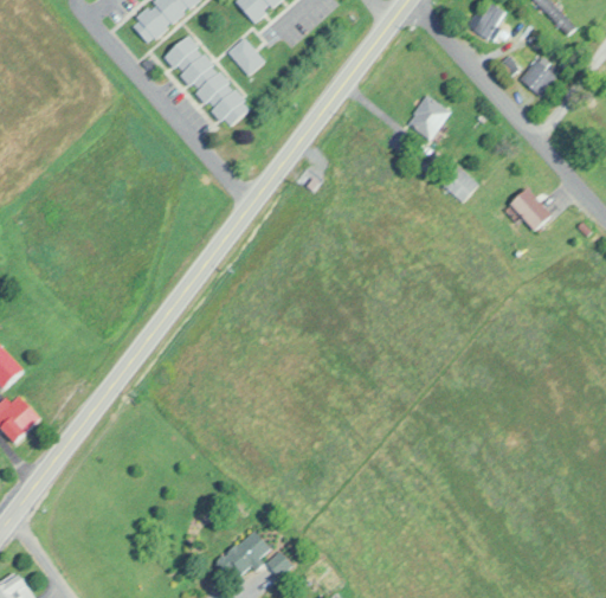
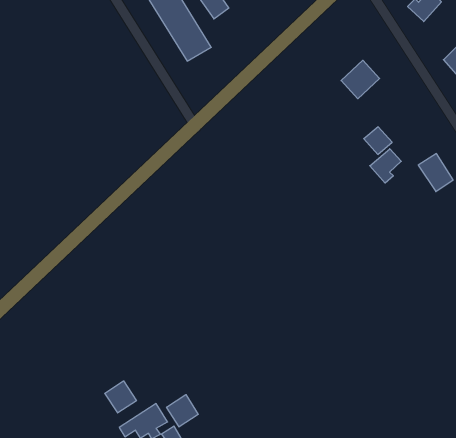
building: none -> [370,149,401,183]
building: none -> [105,381,136,413]
building: none -> [167,395,198,427]

